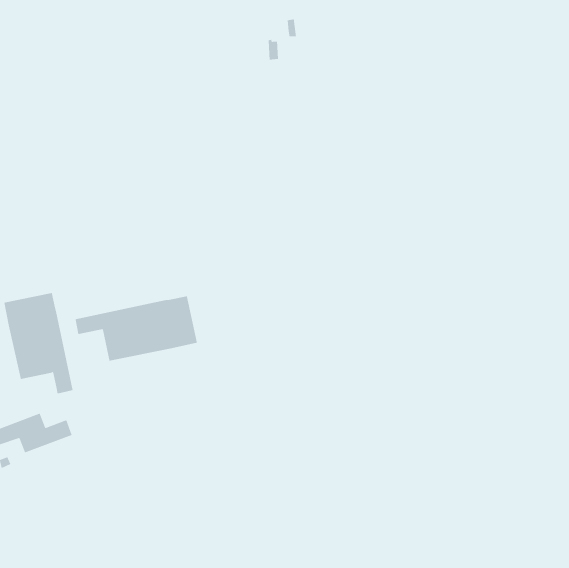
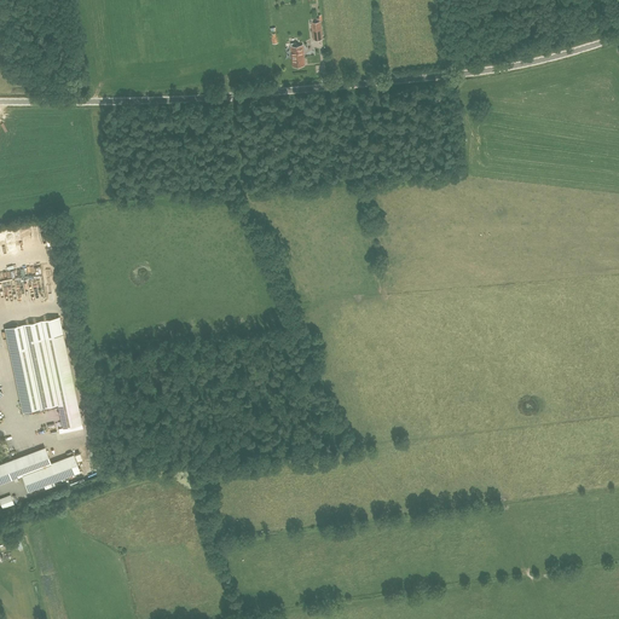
building: [75,295,198,361] -> none

